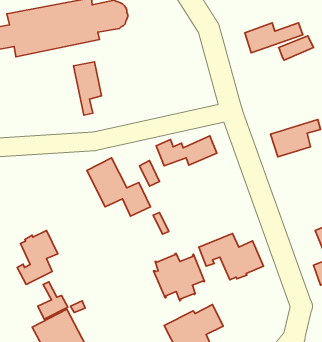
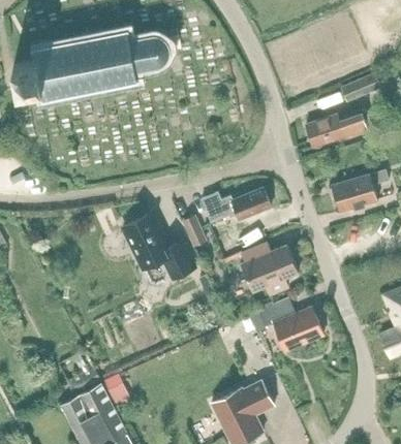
building: [245,23,303,53] -> [306,114,372,148]
building: [74,62,102,115] -> none
building: [17,230,58,285] -> none
building: [153,253,204,301] -> [240,243,298,296]

